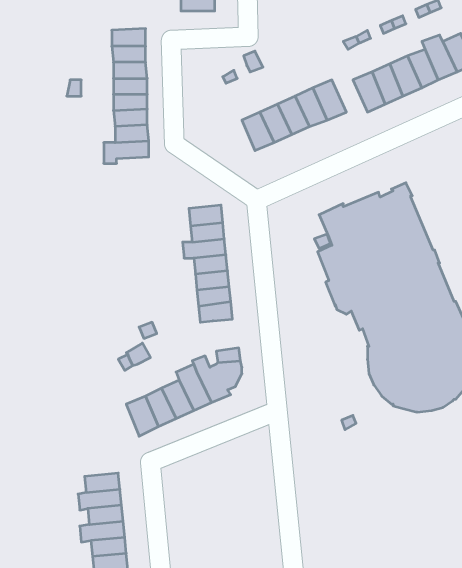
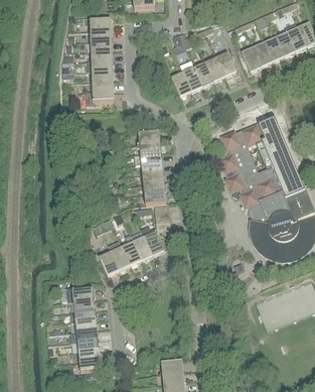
building: none -> [65,284,94,301]

